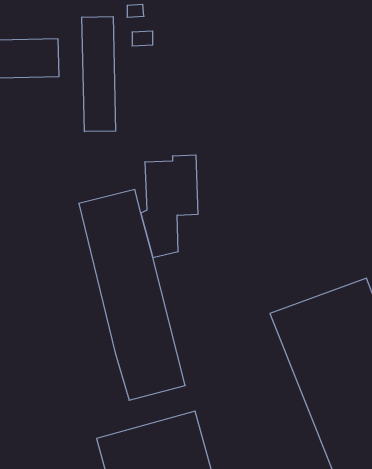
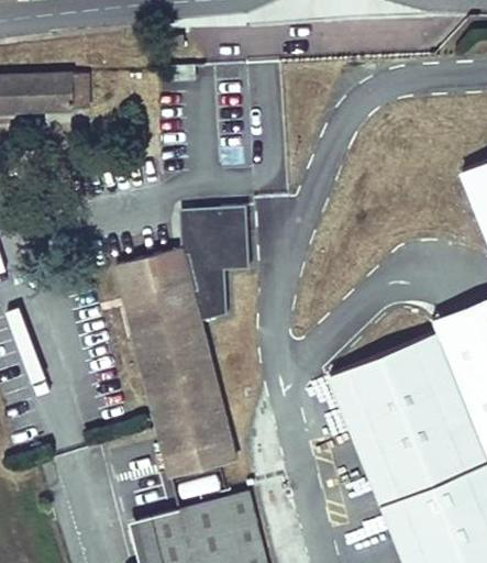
building: [82,17,116,132] -> none

